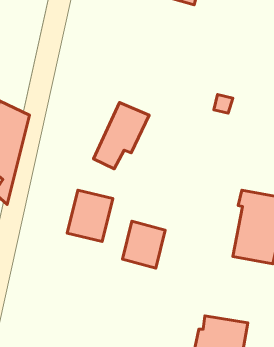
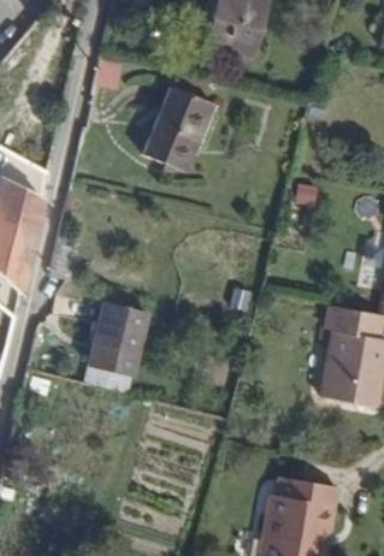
building: [94,103,149,169] -> [141,82,215,171]
building: [122,221,165,268] -> none

